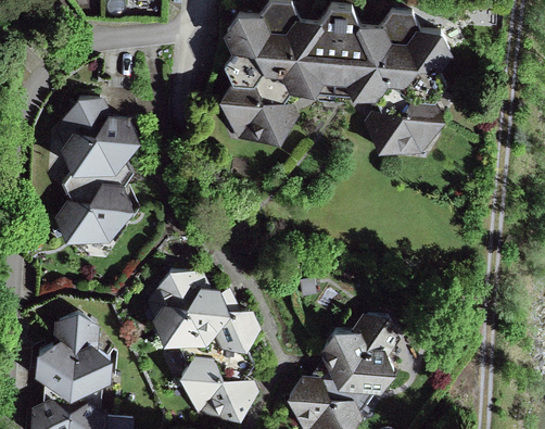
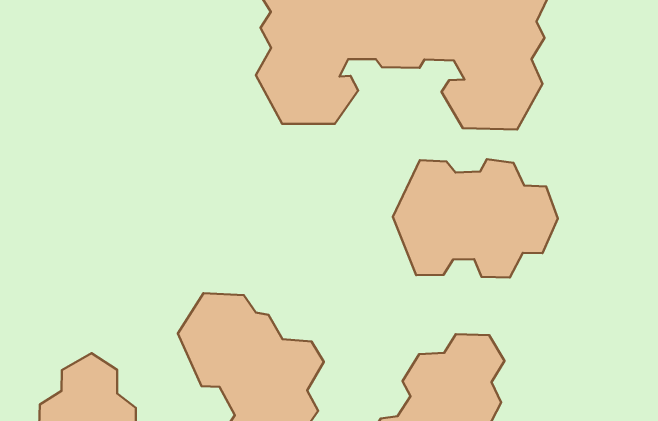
building: [53,98,139,247] -> none
building: none -> [393,159,558,277]

